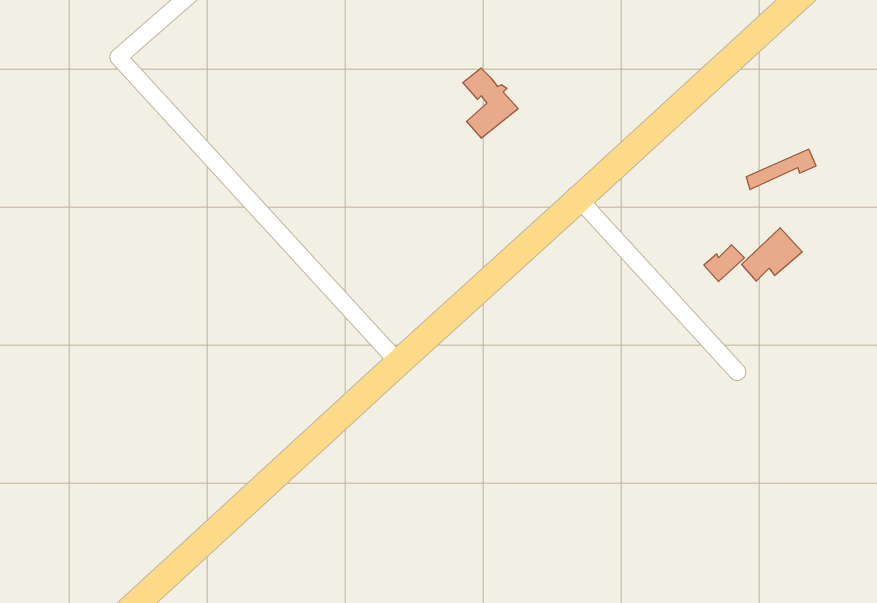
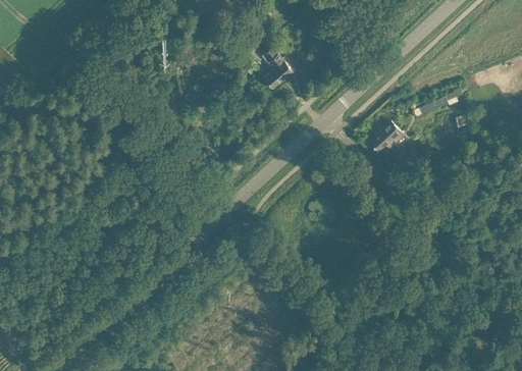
building: [742,228,802,281] -> [368,122,402,152]

